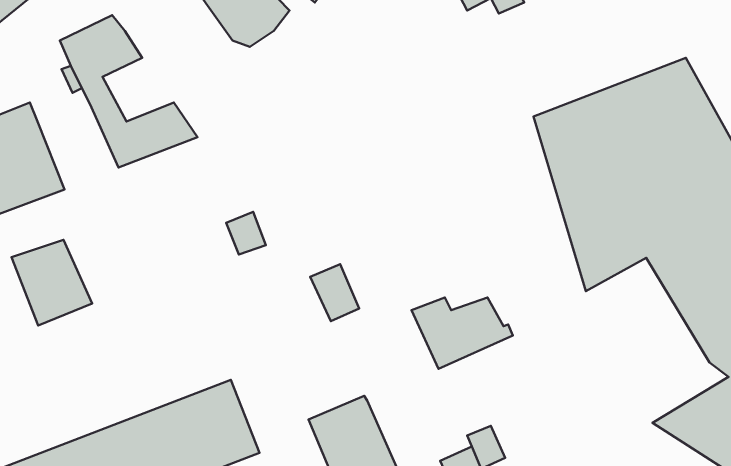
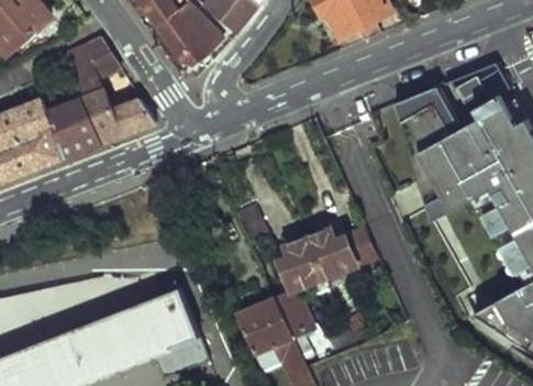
building: [11,240,92,326] -> [48,97,104,156]
building: none -> [277,240,326,342]

